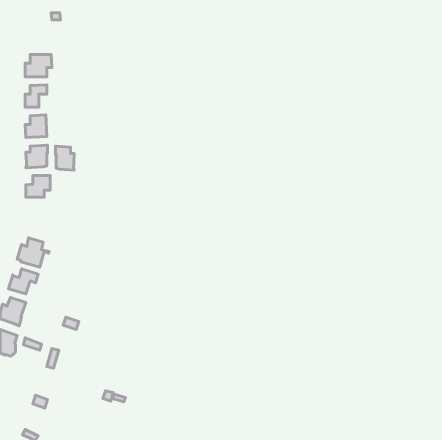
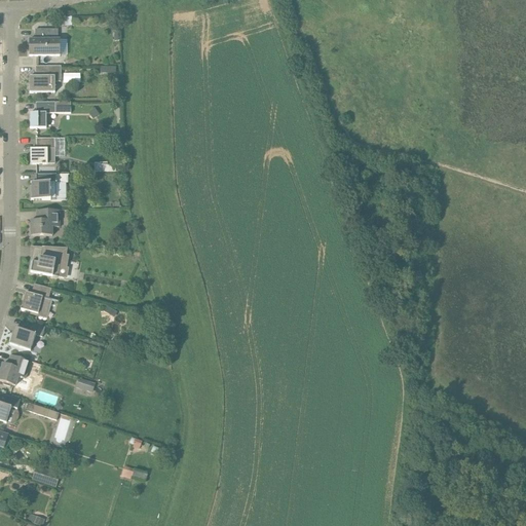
building: none -> [29,28,60,54]
building: [56,146,74,170] -> none
building: none -> [31,246,69,277]

